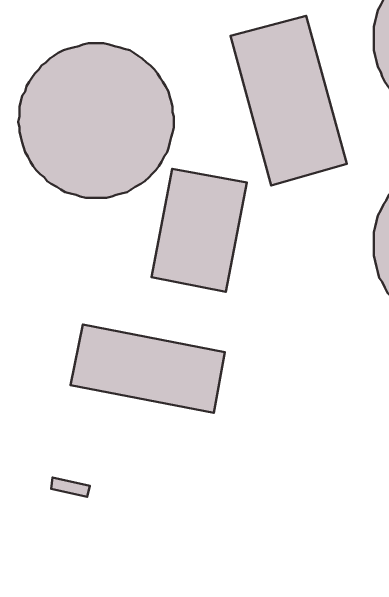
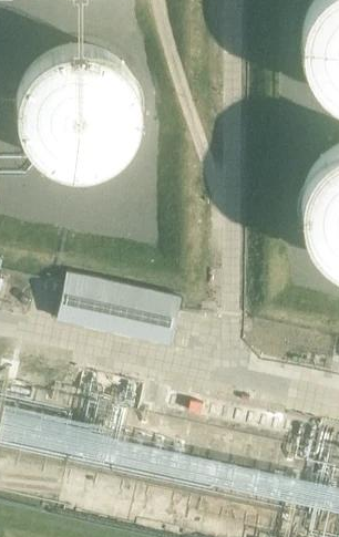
building: [230,16,347,185] -> none
building: [152,169,247,292] -> none

